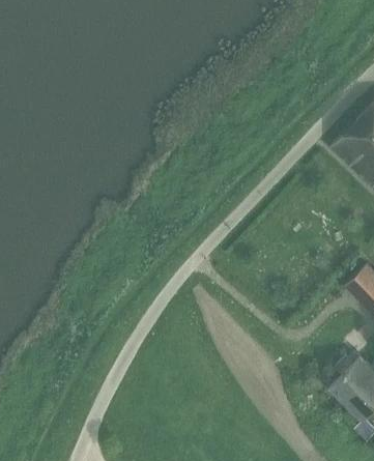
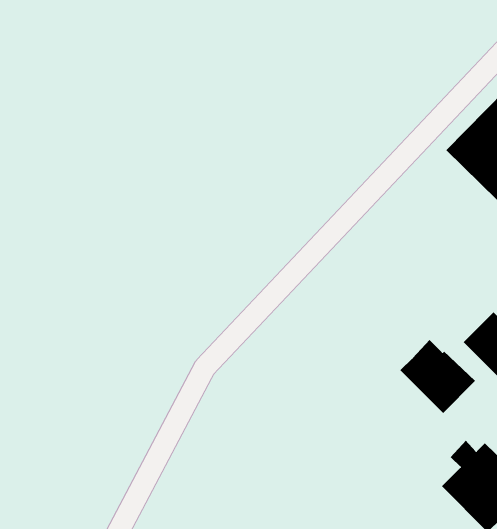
building: none -> [400,339,476,414]

